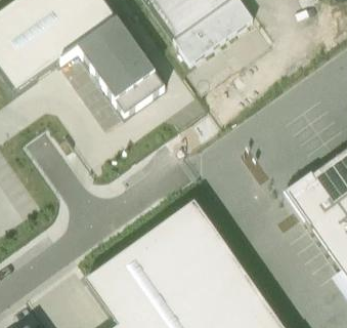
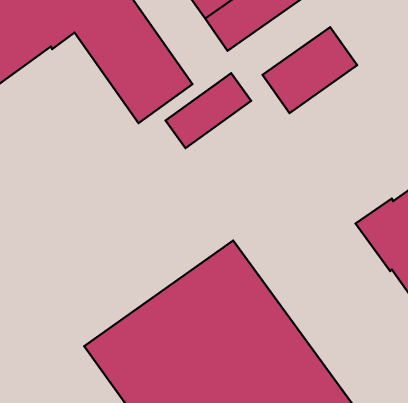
building: none -> [262,27,357,113]
building: none -> [165,73,251,148]

